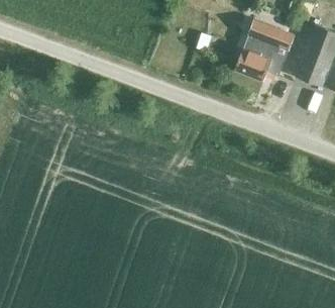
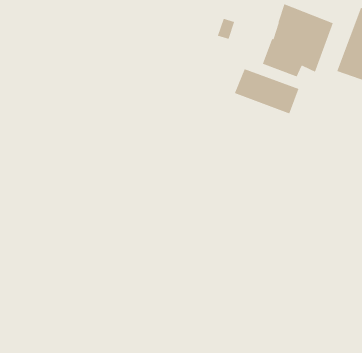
building: none -> [234,68,299,114]

